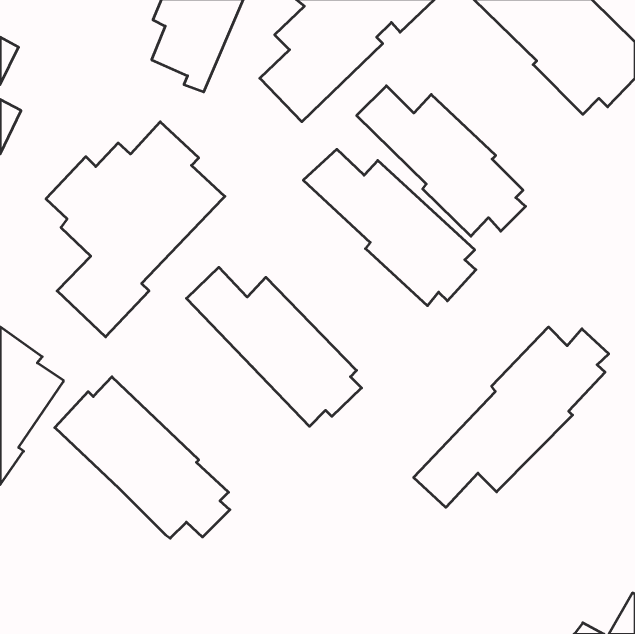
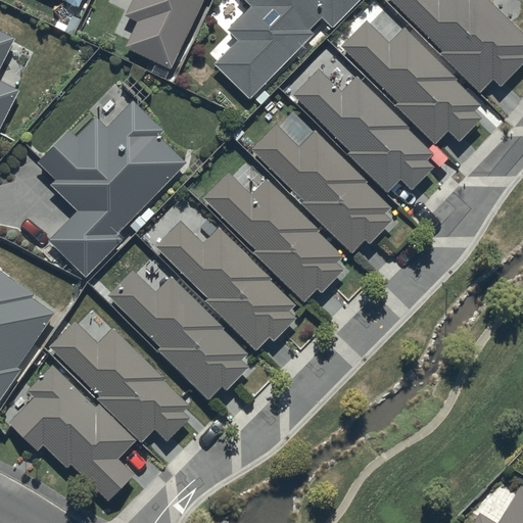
building: none -> [340,18,481,144]
building: none -> [203,170,344,301]
building: none -> [107,268,249,399]
building: [414,327,609,507] -> none
building: none -> [8,366,136,502]

